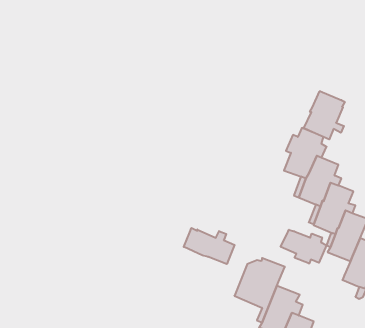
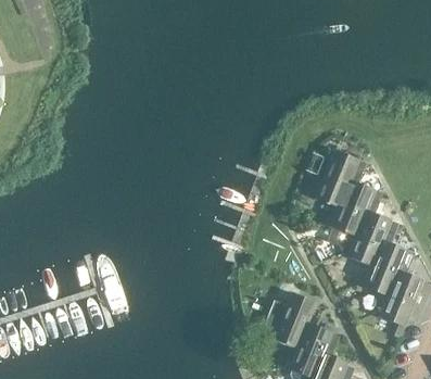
building: [304,91,345,139] -> none
building: [184,228,235,264] -> none
building: [281,230,327,264] -> none

